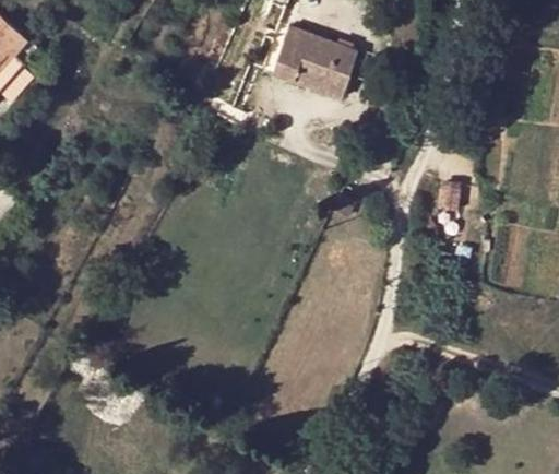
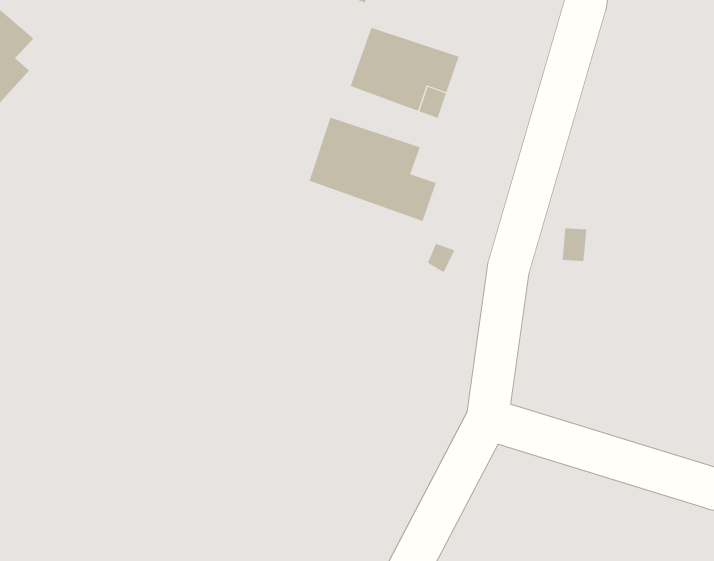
building: none -> [309,117,437,222]

